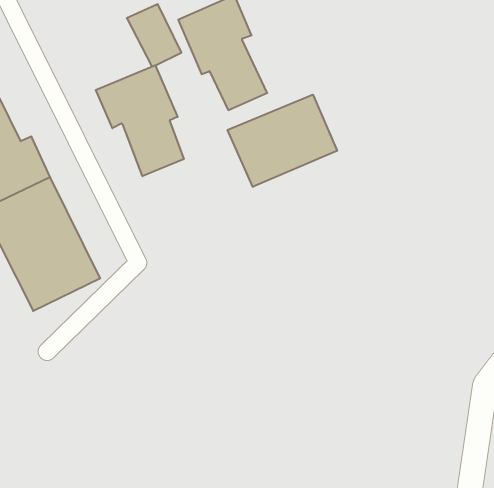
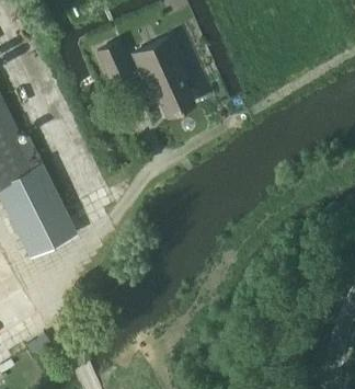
building: [96,65,184,176] -> none
building: [228,95,337,187] -> none

